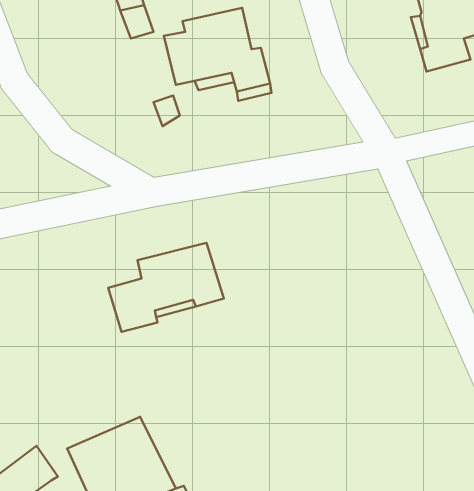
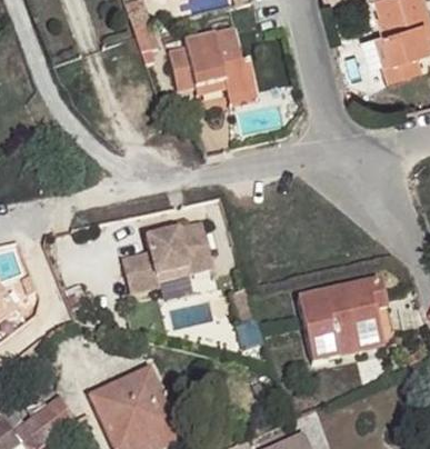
building: none -> [297,280,384,363]

